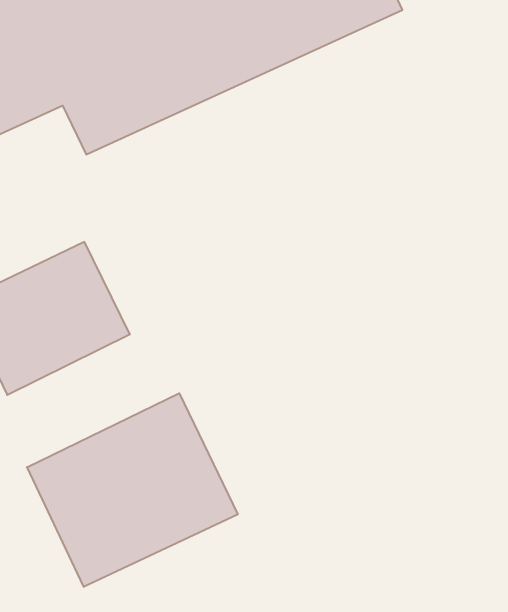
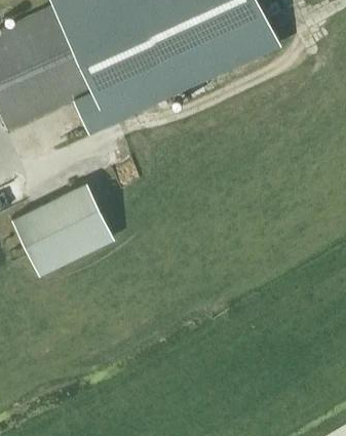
building: [27,393,238,587] -> none

